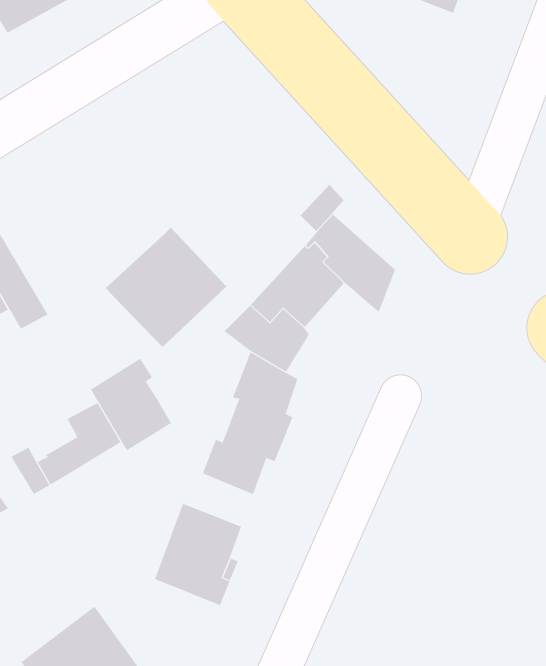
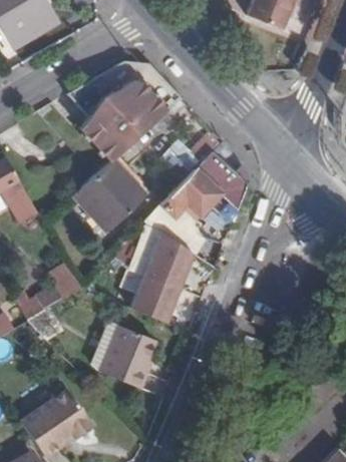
building: none -> [65,60,180,163]
building: [90,358,172,451] -> none

